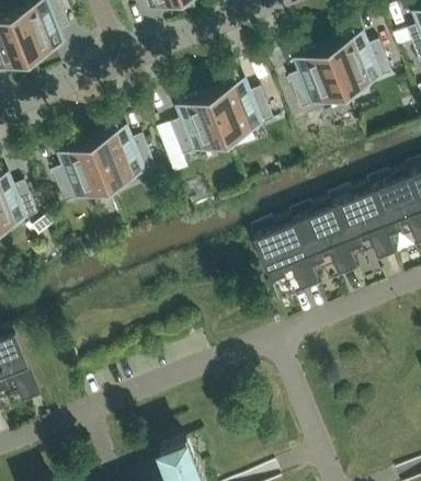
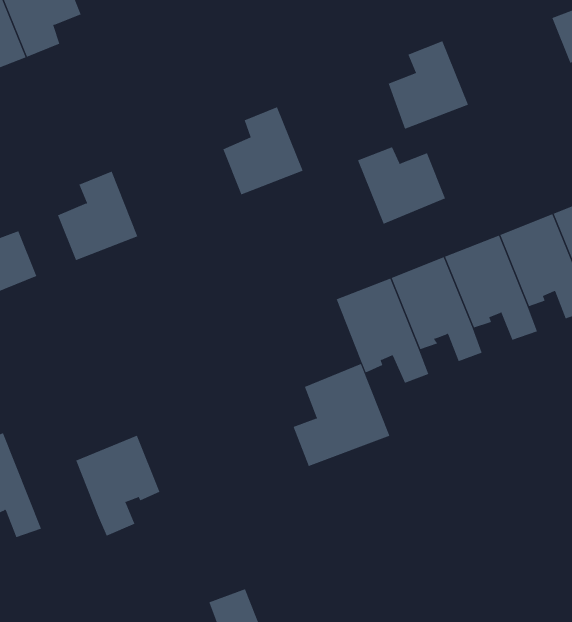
building: [327,38,390,94] -> none
building: [208,85,272,141] -> [357,146,446,225]
building: [90,131,153,188] -> none
building: none -> [293,363,390,467]
building: none -> [75,435,160,537]

